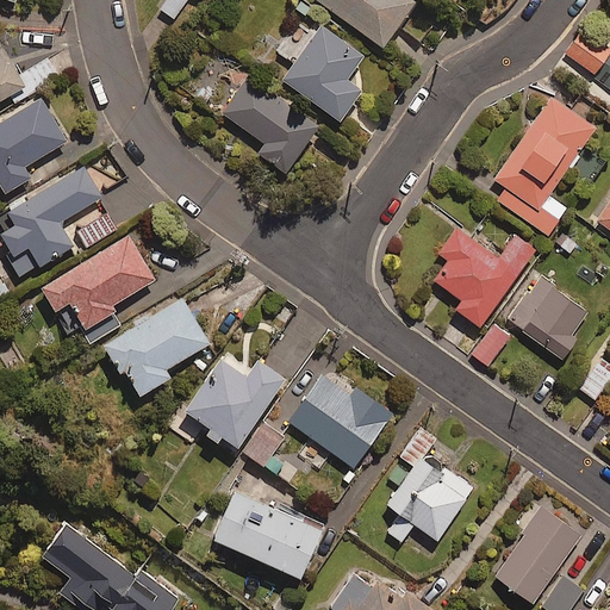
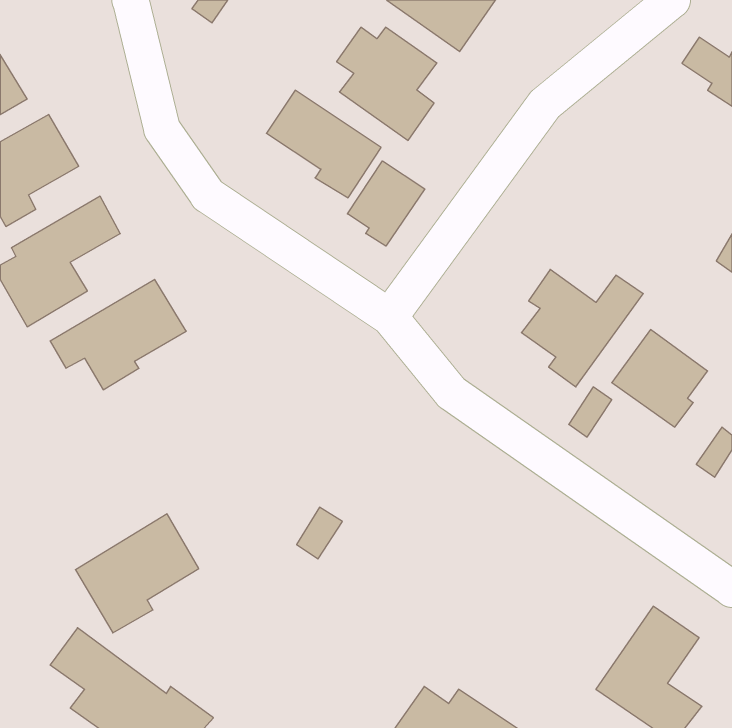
building: [494,98,595,236] -> none
building: none -> [347,161,425,246]
building: [106,297,208,396] -> [75,514,199,633]
building: [185,357,285,447] -> none
building: [288,376,392,468] -> none
building: [387,430,472,542] -> none
building: [214,491,320,575] -> none

